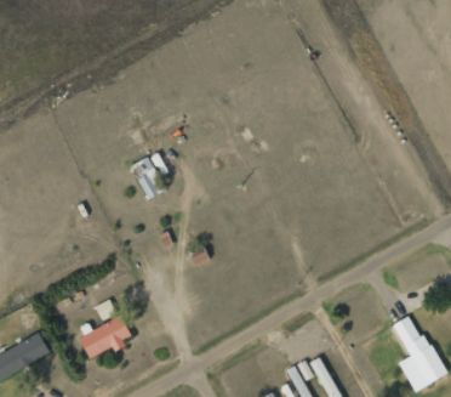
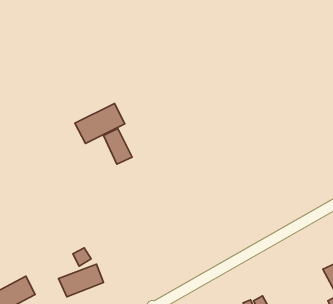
building: none -> [75,104,125,143]

